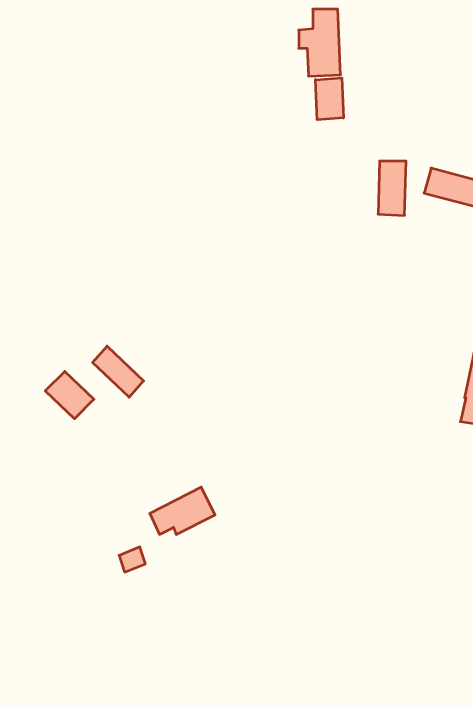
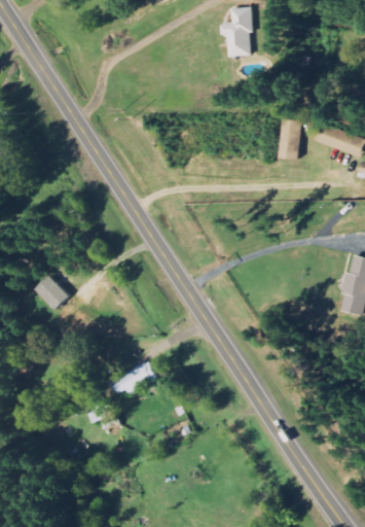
building: [315,78,343,120] -> none
building: [93,346,144,397] -> none

